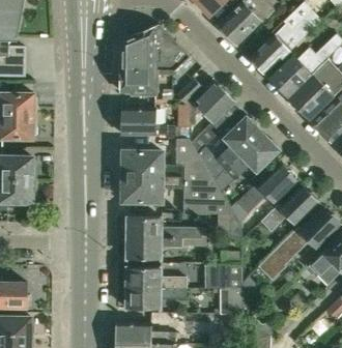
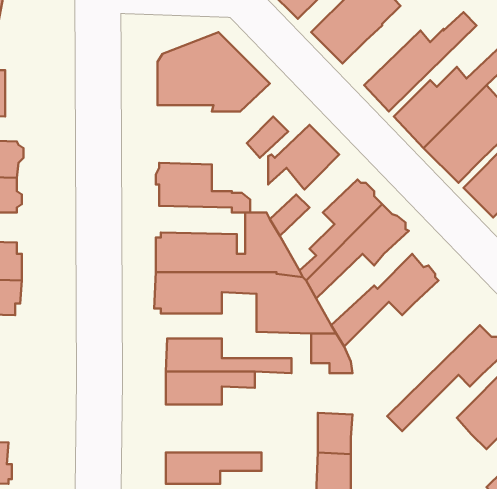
building: [119,71,155,96] -> none
building: [261,187,316,231] -> none
building: [125,267,186,289] -> none

